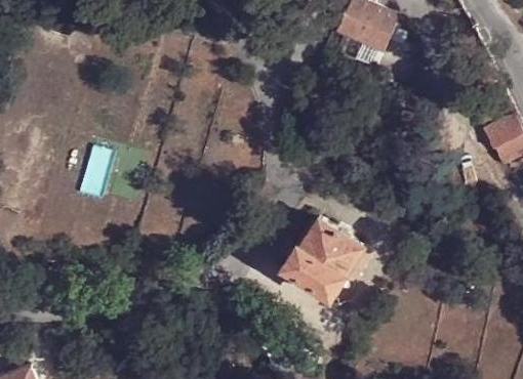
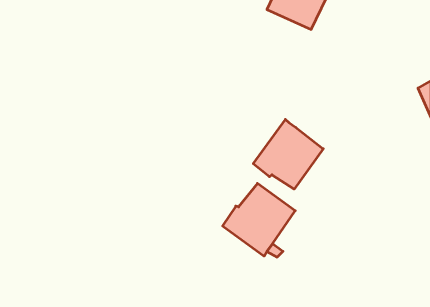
building: none -> [253,119,323,189]

